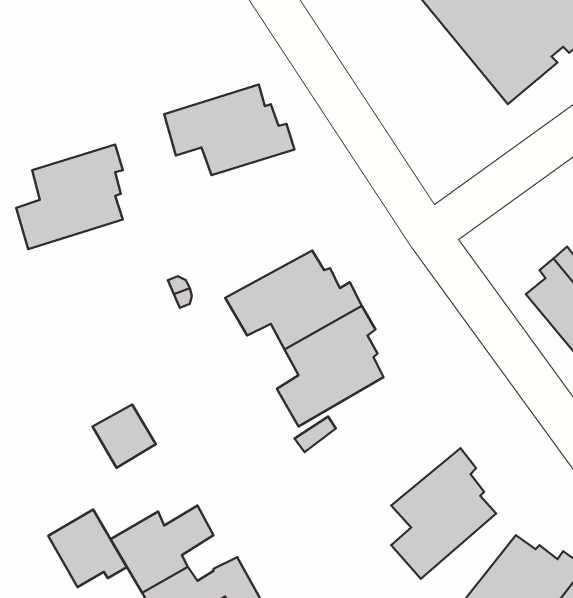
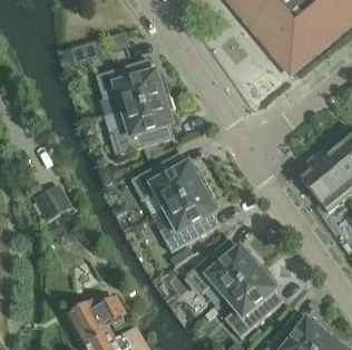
building: [16,144,123,249] -> [114,96,174,155]
building: none -> [186,239,263,296]
building: [93,405,156,468] -> [35,185,70,221]
building: [48,509,127,587] -> none

